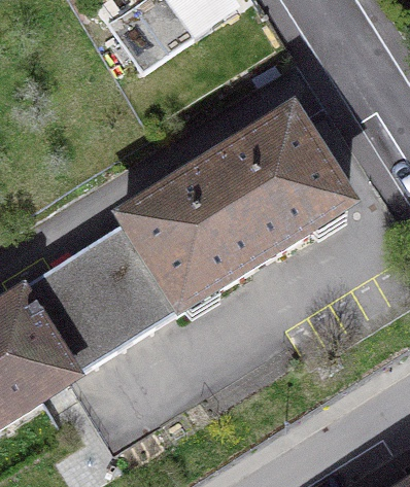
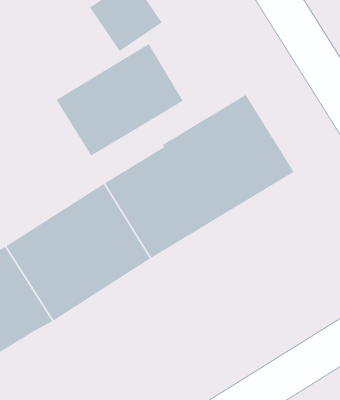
building: none -> [56,43,184,157]

